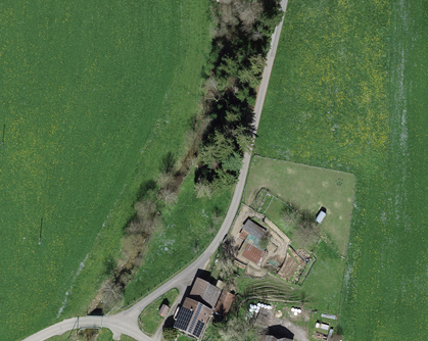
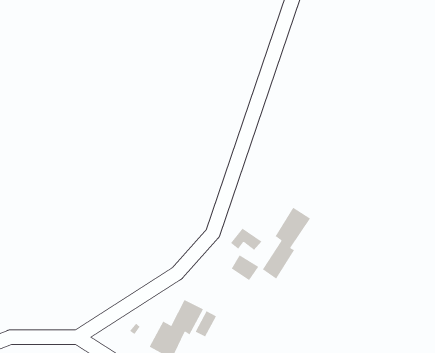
building: none -> [262,207,311,279]

